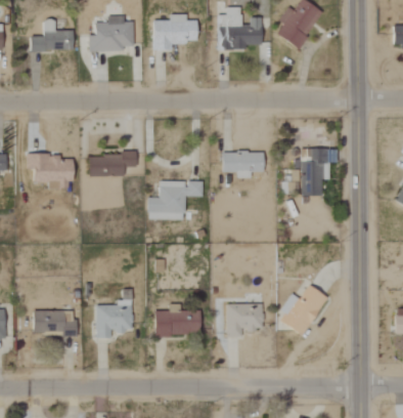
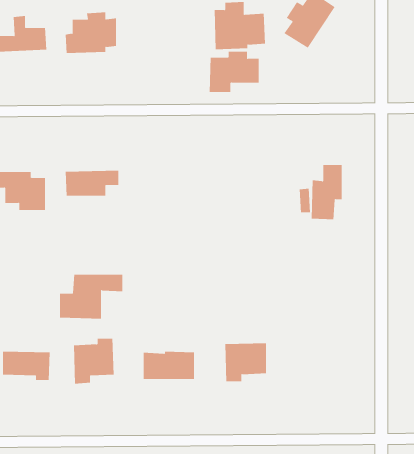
building: [152,14,196,50] -> [209,51,260,93]
building: [222,152,263,178] -> none
building: [147,181,203,220] -> [59,274,123,319]
building: [283,285,325,336] -> none

